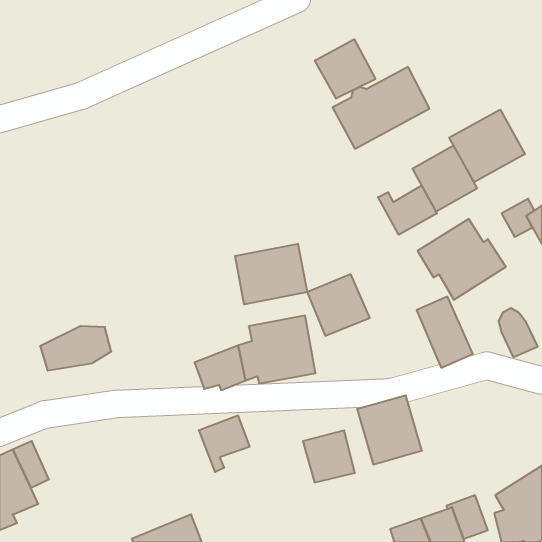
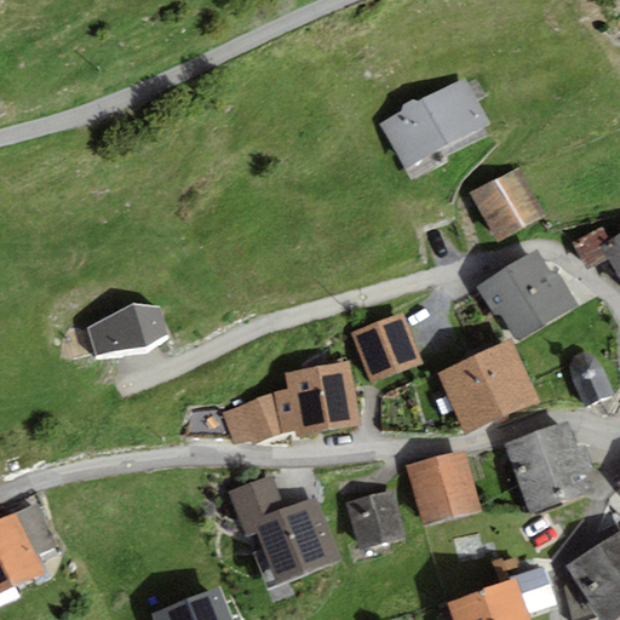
building: [315,39,375,99] -> none
building: [449,110,525,182] -> none
building: [378,186,437,235] -> none
building: [235,244,307,304] -> none
building: none -> [435,354,503,436]
building: [40,326,111,371] -> [85,305,166,356]
building: none -> [503,419,591,510]
building: none -> [251,496,340,585]

